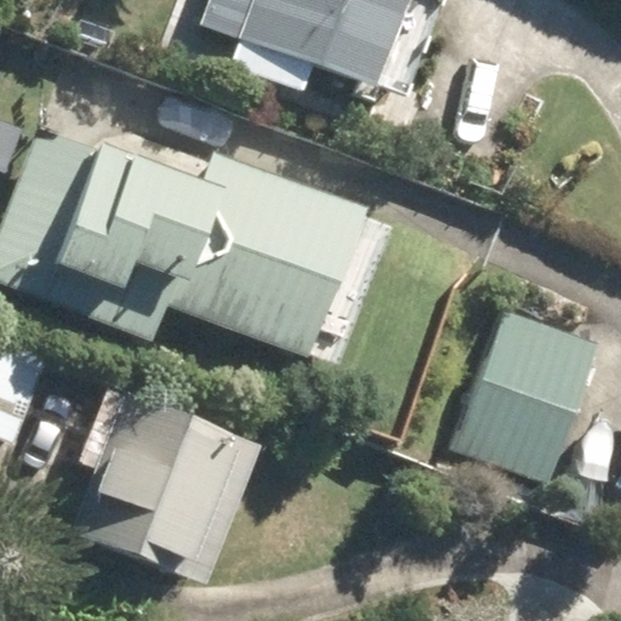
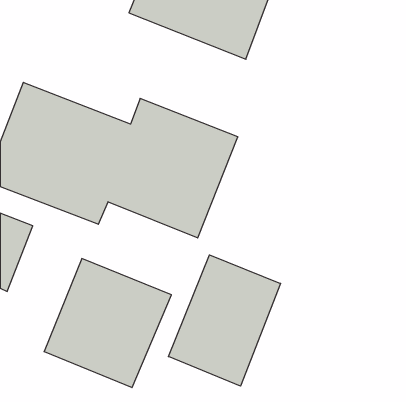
building: [457,309,598,478] -> none
building: none -> [168,255,281,386]

